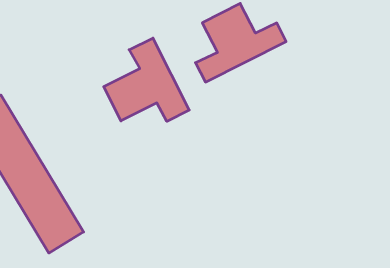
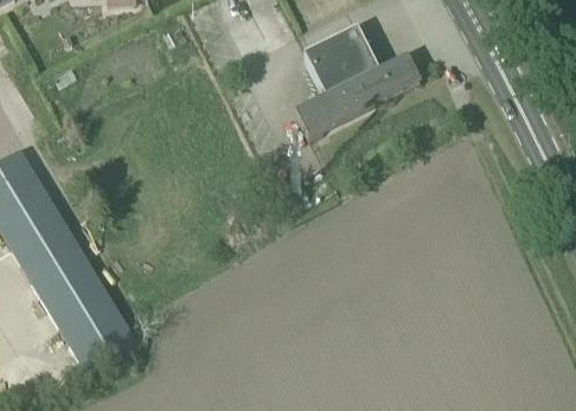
building: [104,38,189,121] -> none

